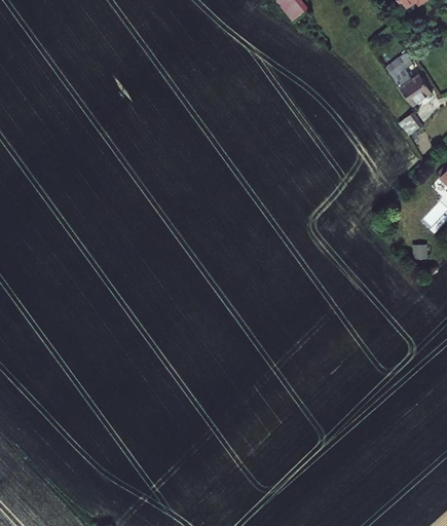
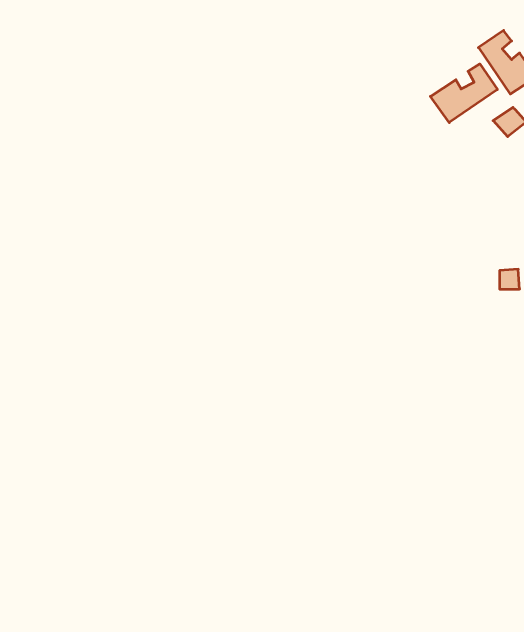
building: none -> [430,64,497,123]

